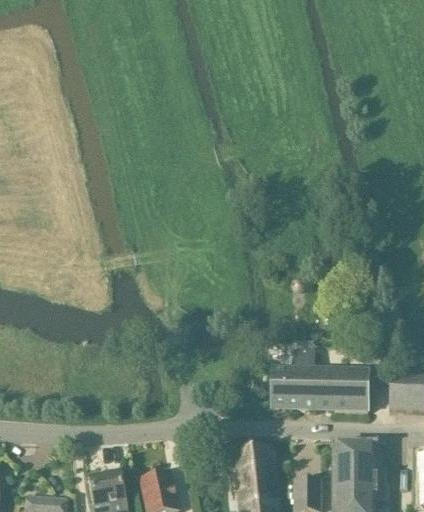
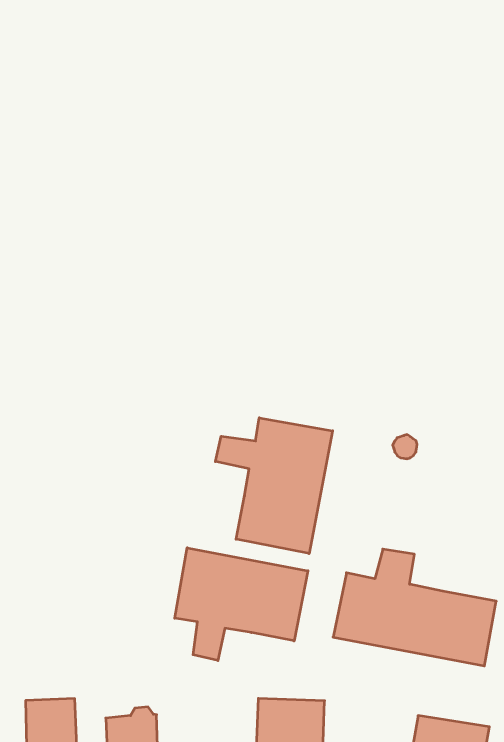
building: none -> [215,418,333,554]
building: none -> [175,548,308,661]

